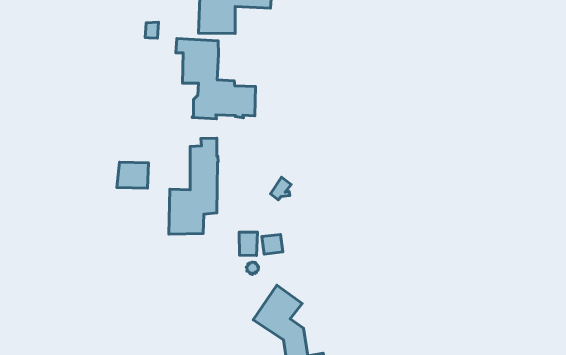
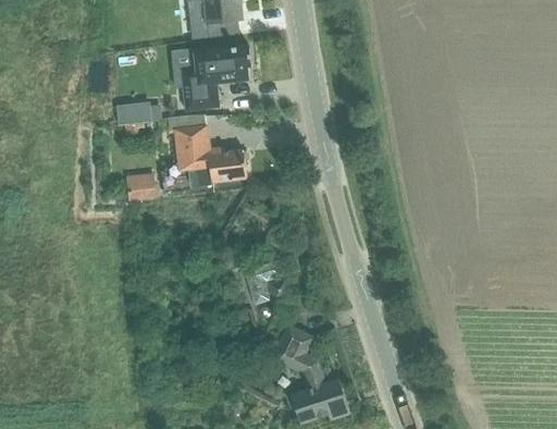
building: [169,138,218,234] -> none
building: [117,162,149,188] -> [126,173,154,199]

